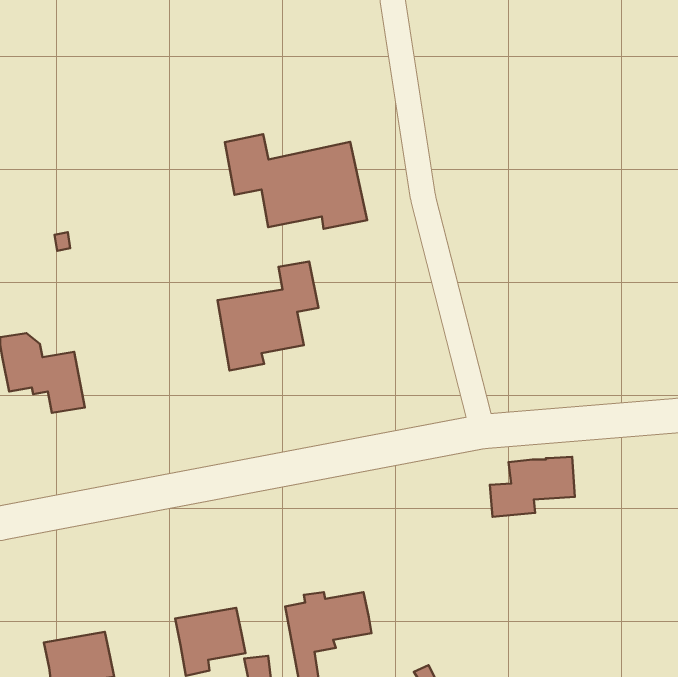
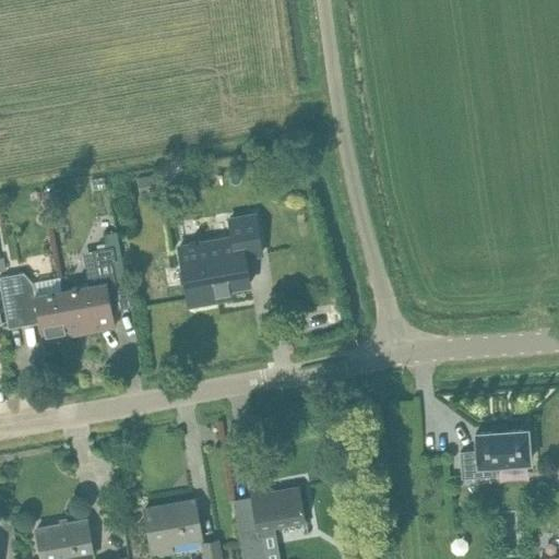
building: [225,134,367,229] -> none
building: none -> [61,233,120,336]
building: [490,457,575,517] -> [460,431,530,480]

